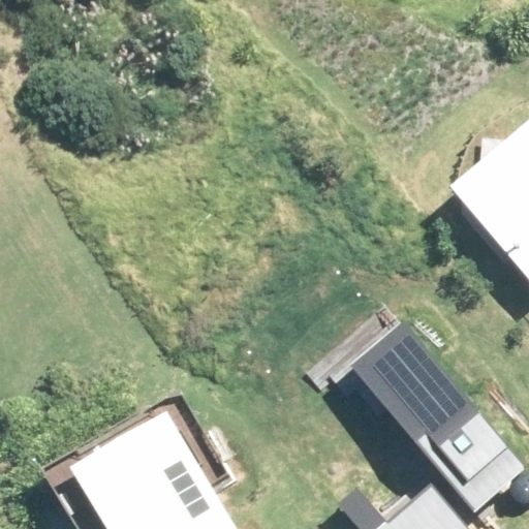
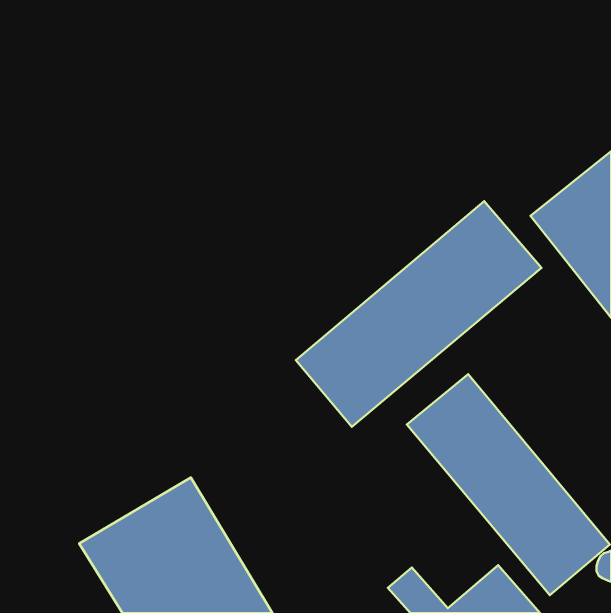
building: none -> [296,201,541,427]

